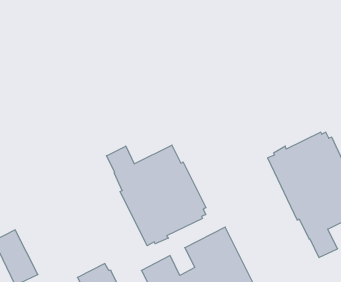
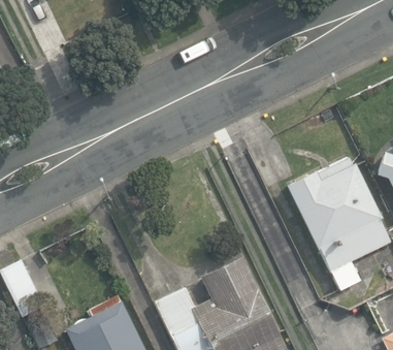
building: [106,145,206,246] -> none

